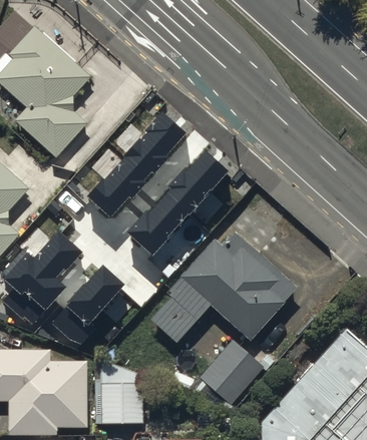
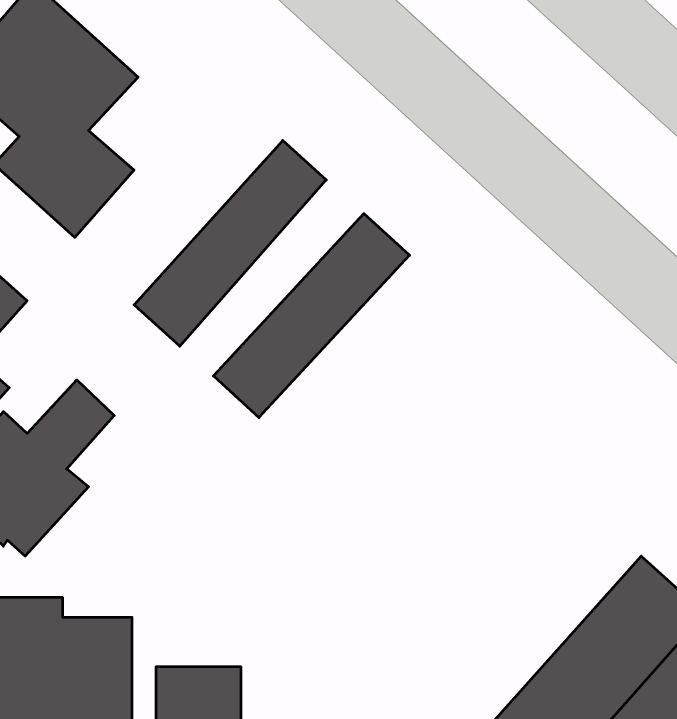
building: [145,237,285,340] -> none
building: [50,270,121,346] -> none
building: [200,337,263,400] -> none

